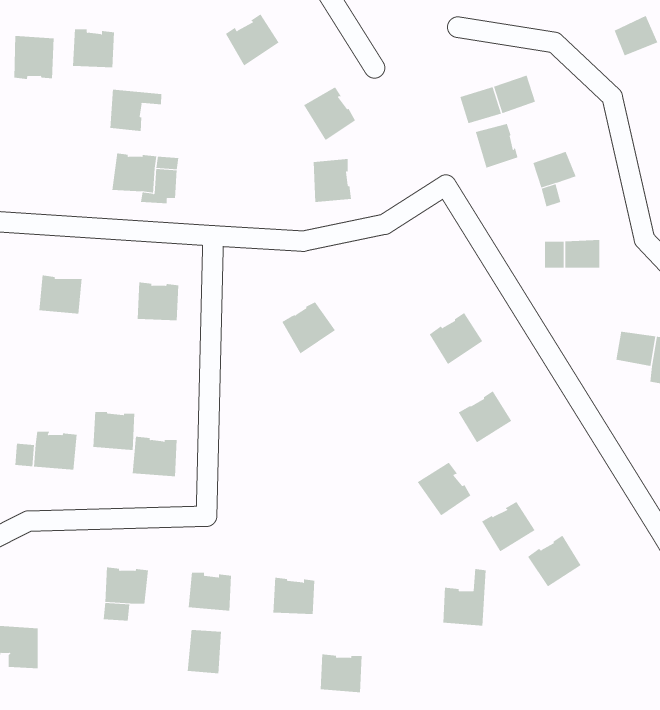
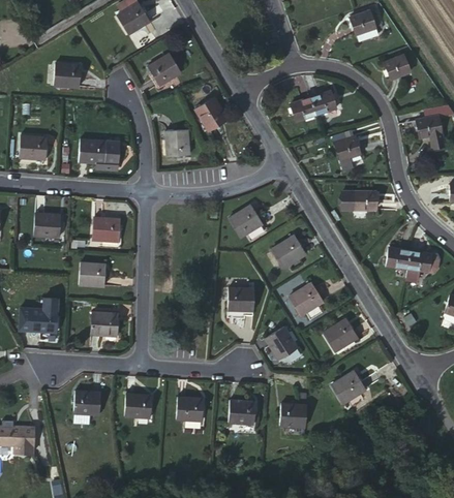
building: [14,35,54,80] -> none
building: [110,89,162,132] -> none
building: [475,123,518,168] -> none
building: none -> [20,134,50,164]
building: [313,158,352,203] -> [167,129,190,156]
building: [282,301,336,354] -> [230,206,263,238]
building: none -> [230,287,252,310]
building: [93,411,135,450] -> [80,262,105,286]
building: [481,501,535,552] -> [324,319,357,350]
building: [187,629,221,674] -> none
building: [320,654,362,693] -> [230,400,255,424]

